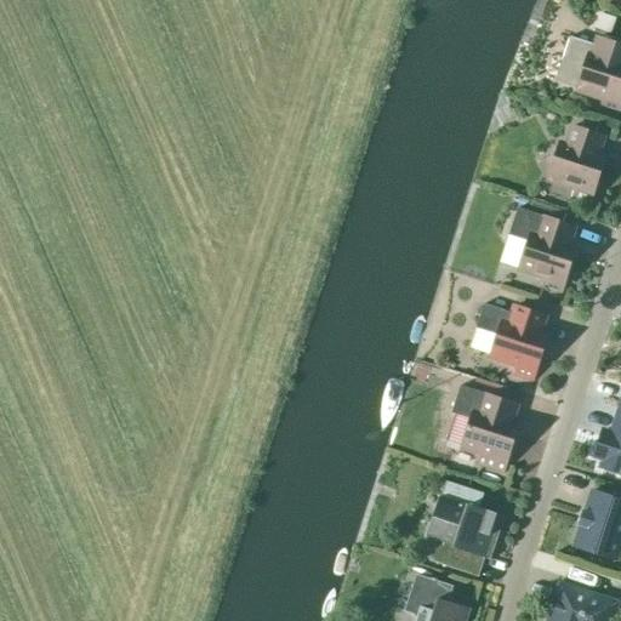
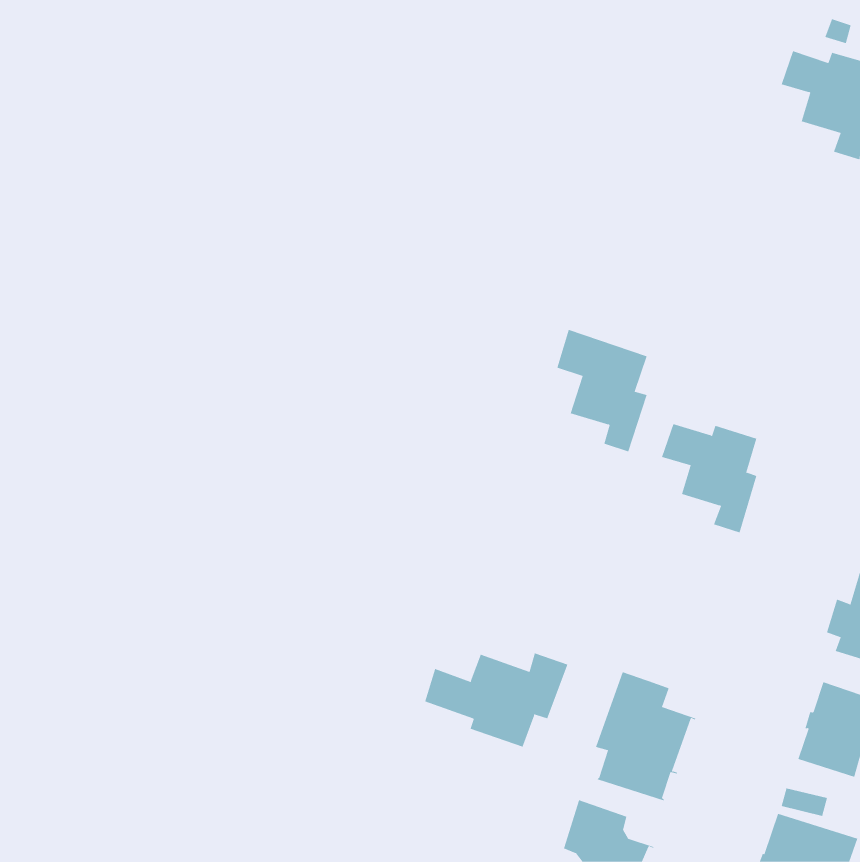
building: [549,126,604,205] -> none
building: [509,207,575,296] -> [556,329,647,452]
building: [452,386,518,473] -> none
building: none -> [425,652,568,747]

